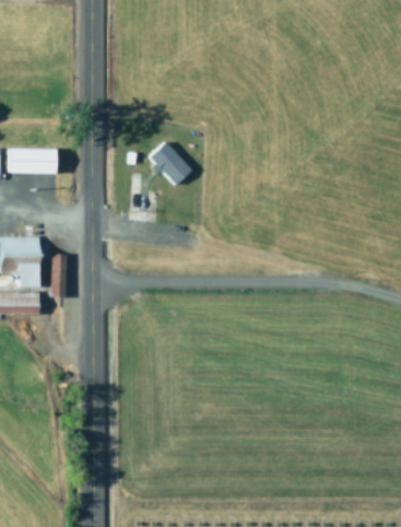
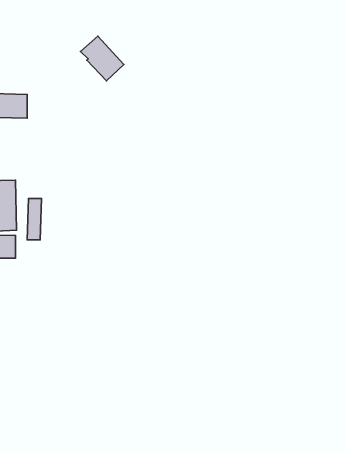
building: [146,141,190,186] -> [80,36,124,81]

